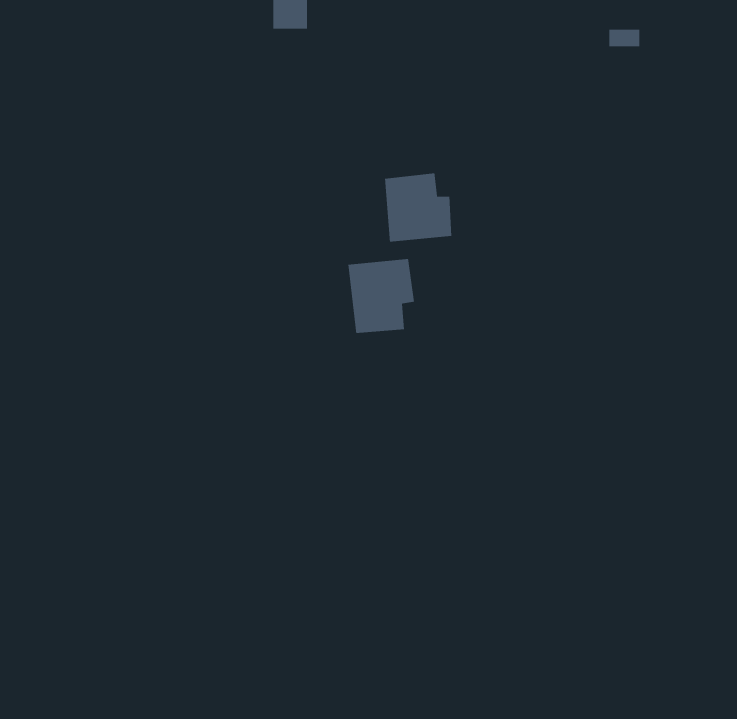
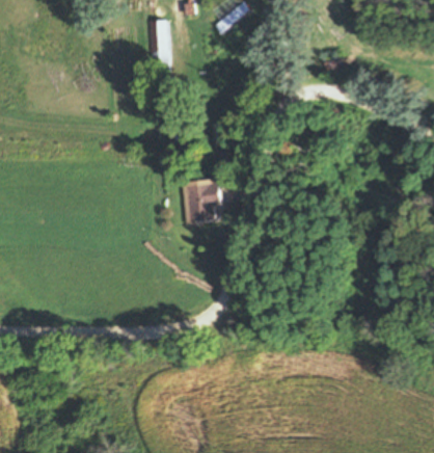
building: [384,172,452,243] -> none

